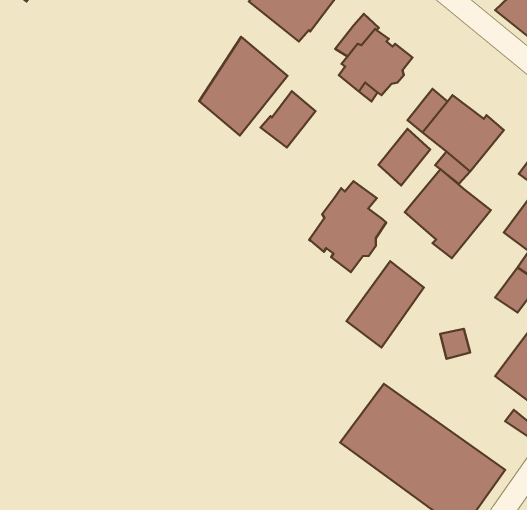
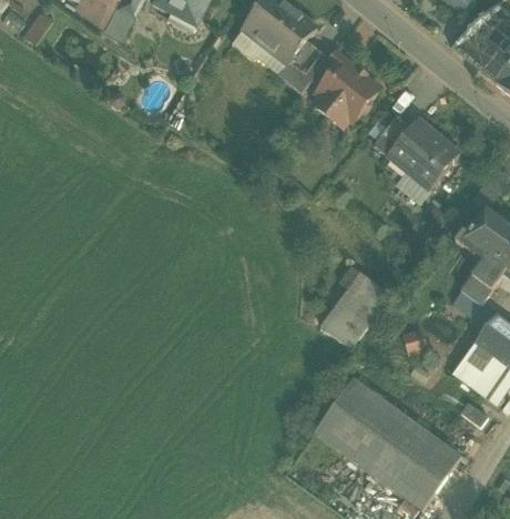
building: [199,37,287,135] -> none
building: [261,91,316,147] -> [277,41,326,91]
building: [379,129,430,185] -> none
building: [405,169,491,258] -> none
building: [309,181,386,272] -> none

